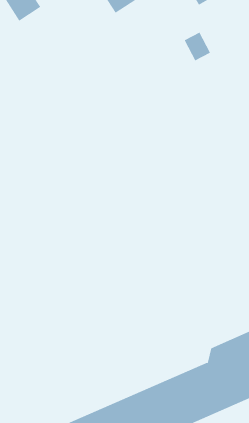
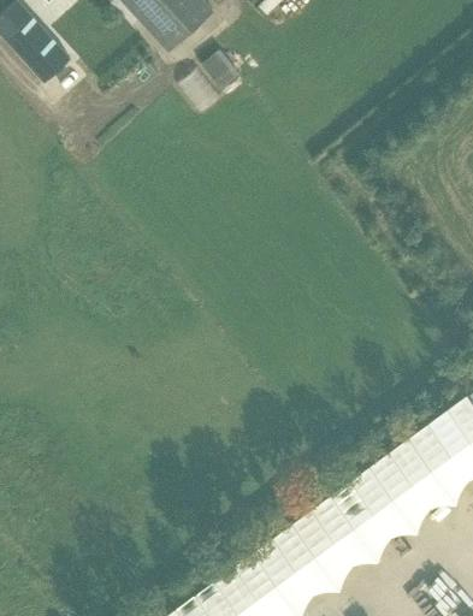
building: [184,32,211,61] -> [197,46,236,85]

